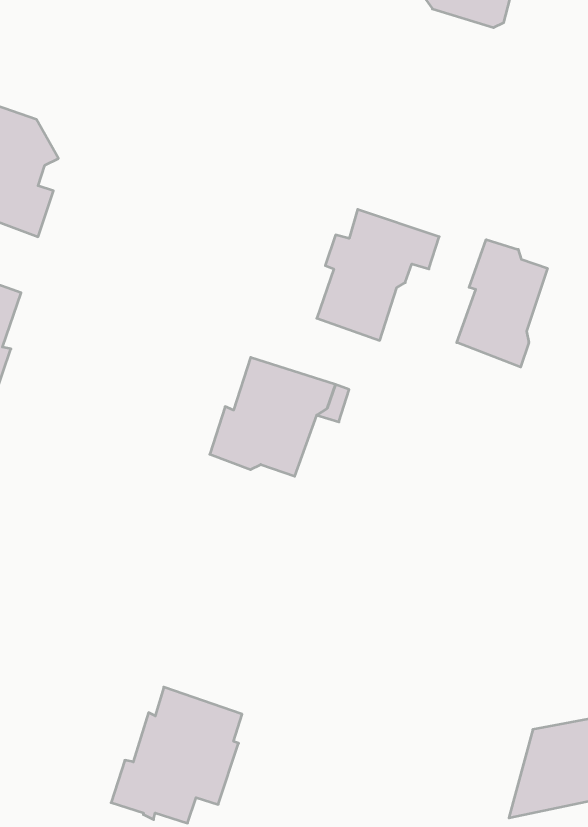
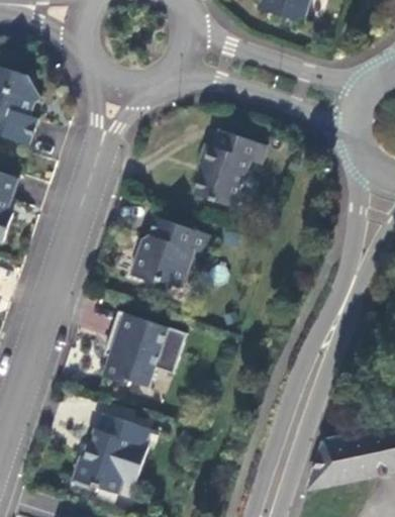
building: [457,240,547,367] -> none
building: none -> [103,311,187,387]

